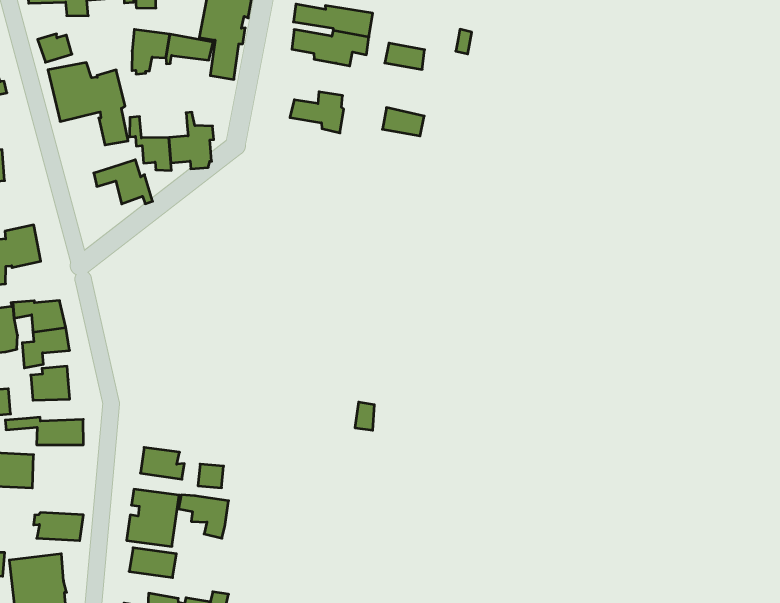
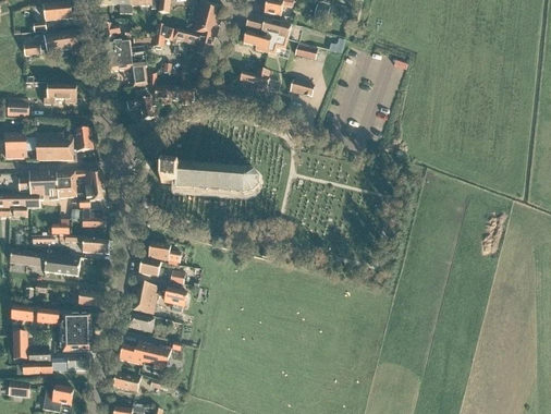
building: none -> [160,161,259,197]
building: none -> [147,242,180,263]

